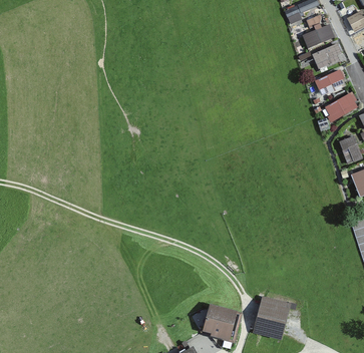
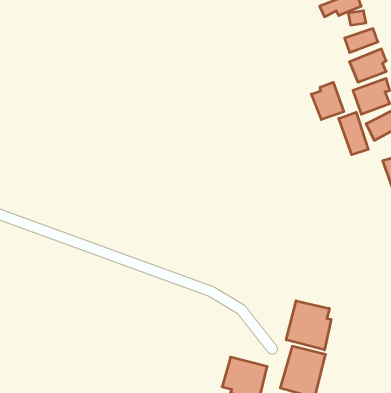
building: none -> [311,82,344,120]
building: none -> [339,112,368,155]
building: none -> [286,301,331,350]

